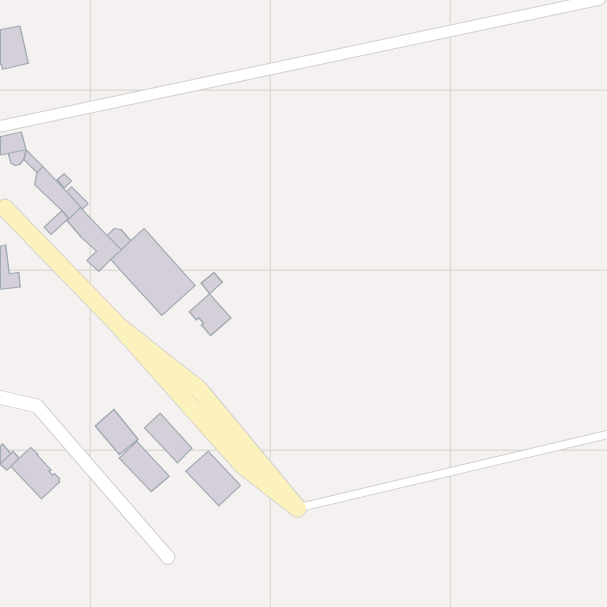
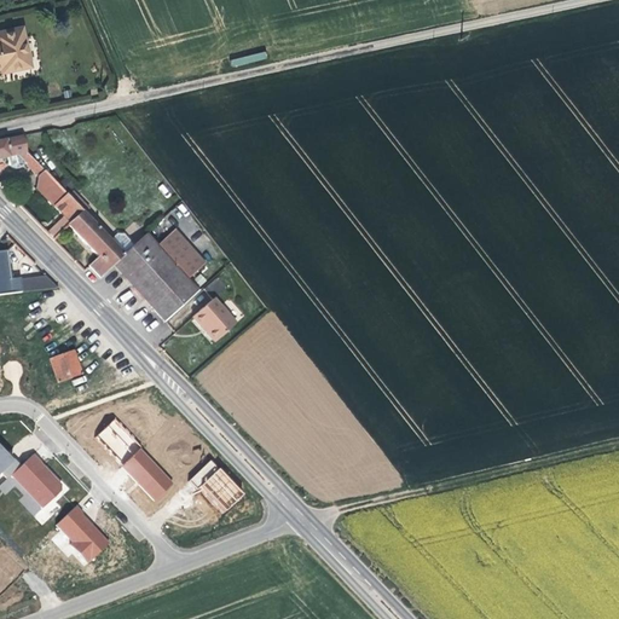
building: none -> [158,228,207,278]
building: none -> [51,349,82,381]
building: [145,413,192,463] -> none
building: none -> [57,505,109,562]

